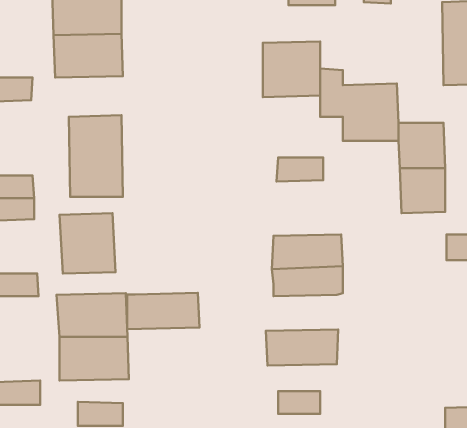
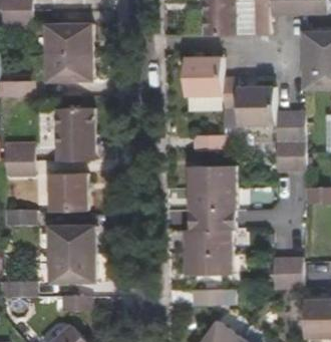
building: none -> [191,164,237,188]
building: [127,293,199,329] -> [187,227,235,251]
building: none -> [272,256,303,289]

